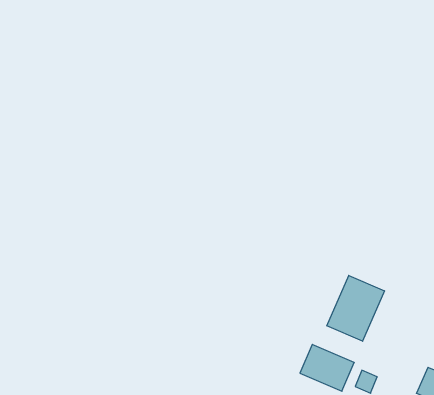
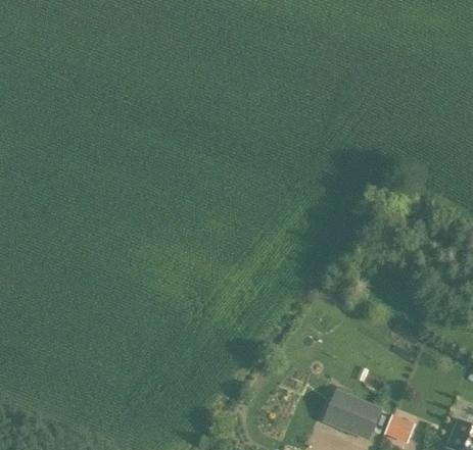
building: [327,275,384,341] -> none

